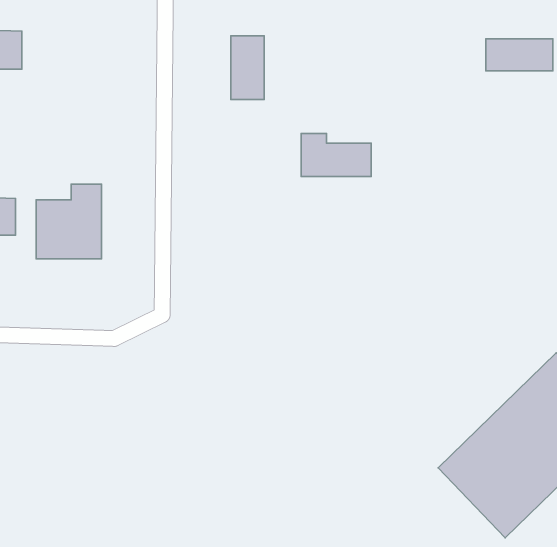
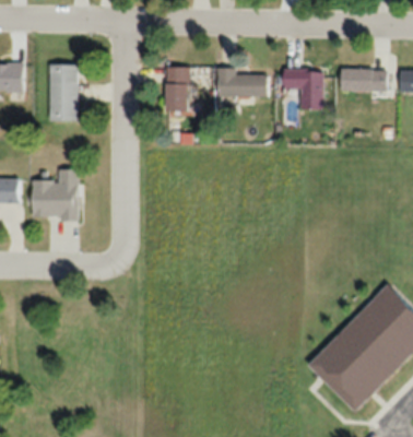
building: none -> [50,64,78,120]
building: none -> [284,69,324,109]
building: [301,134,371,177] -> [219,68,267,97]

